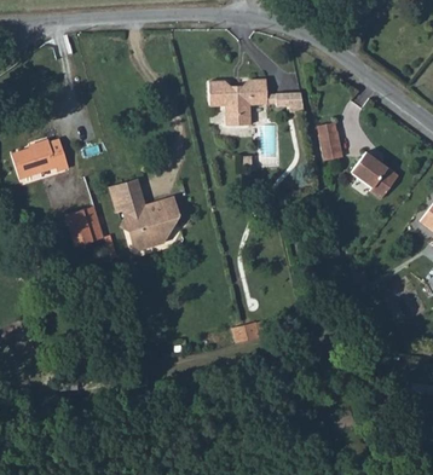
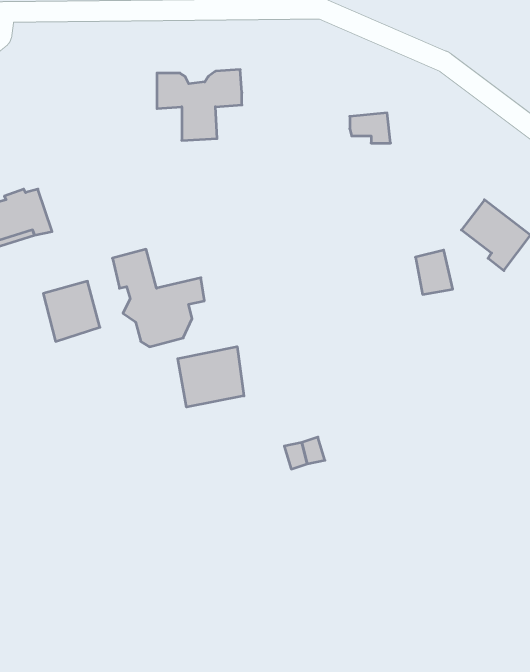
building: [210,77,269,126] -> [157,70,242,140]
building: [318,127,343,157] -> [415,250,453,294]
building: none -> [178,347,244,407]

